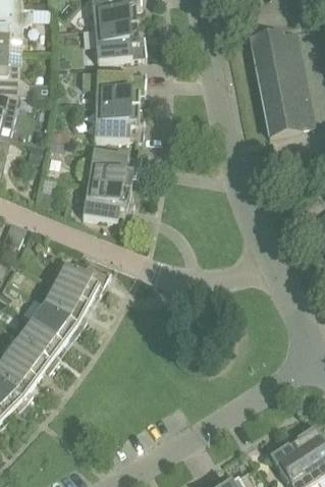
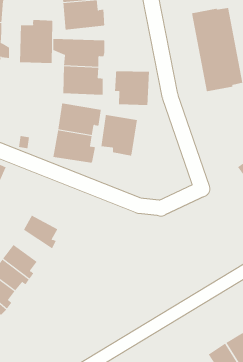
building: none -> [20,19,54,64]
building: none -> [115,69,149,106]
building: none -> [101,114,137,156]
building: [55,262,110,303] -> none
building: [33,304,80,342] -> none

